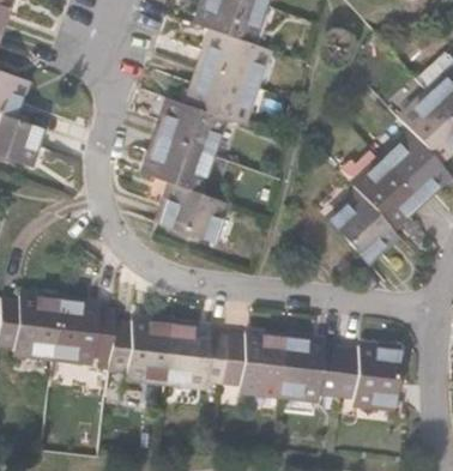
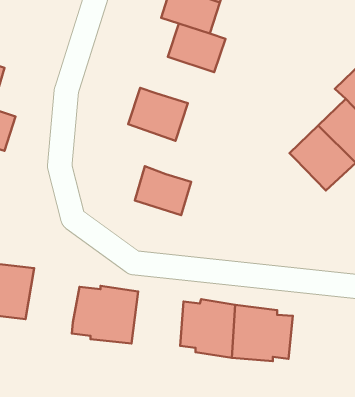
building: [195,70,259,126] -> none
building: [153,143,217,197] -> none
building: [318,180,387,248] -> none
building: [54,298,114,360] -> none
building: [169,324,225,385] -> none
building: [339,348,397,407] -> none

